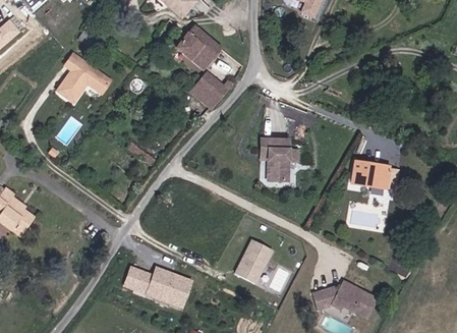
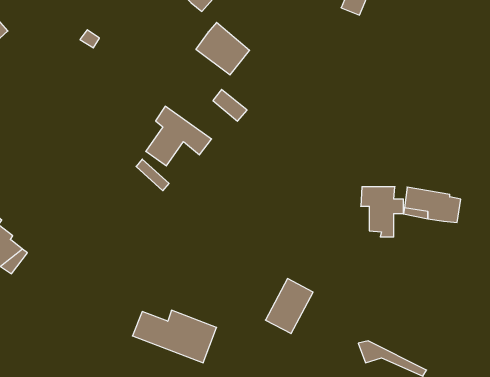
building: [58,53,113,103] -> [146,106,212,166]
building: [197,70,232,98] -> none
building: [259,138,294,180] -> [361,187,403,237]
building: [320,282,376,315] -> none

